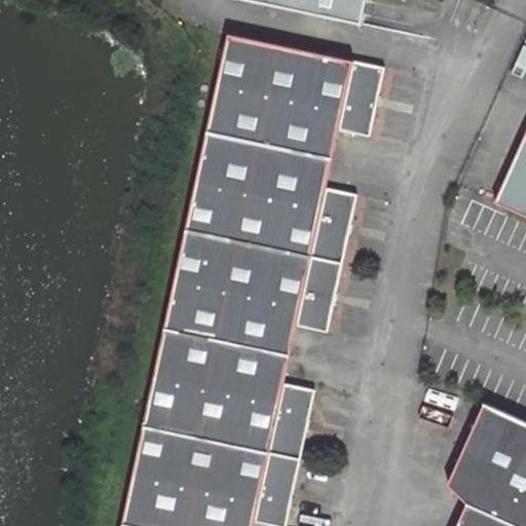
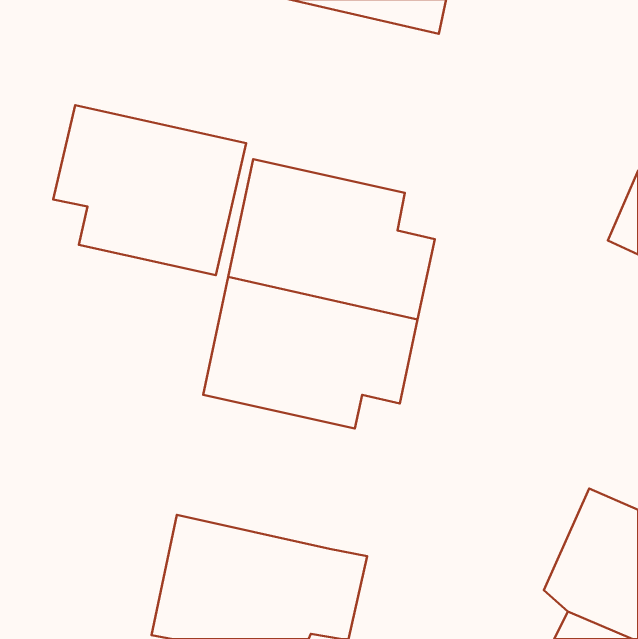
building: [208,35,382,158] -> none
building: none -> [53,105,246,275]
building: [145,324,315,456] -> none

